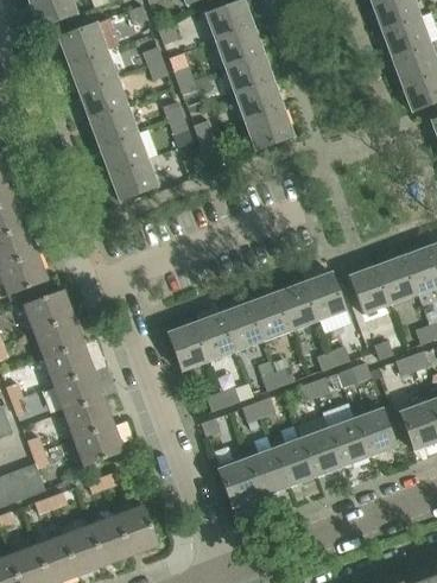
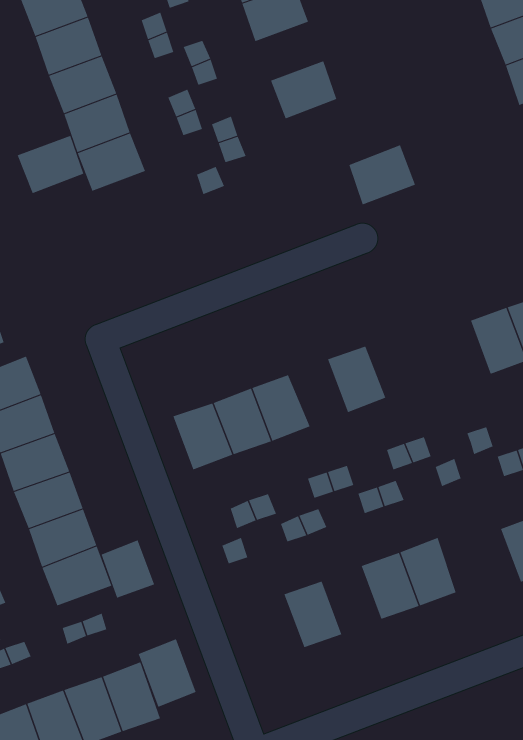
building: [224,52,273,94] -> none
building: [246,107,293,150] -> [349,145,416,205]
building: [109,158,157,199] -> [17,135,84,194]
building: [348,264,391,312] -> none
building: [303,271,346,318] -> none
building: [248,291,290,338] -> none
building: [354,407,395,456] -> none
building: none -> [101,539,155,599]
building: [272,437,314,486] -> none
building: [217,457,259,506] -> [138,639,197,707]

